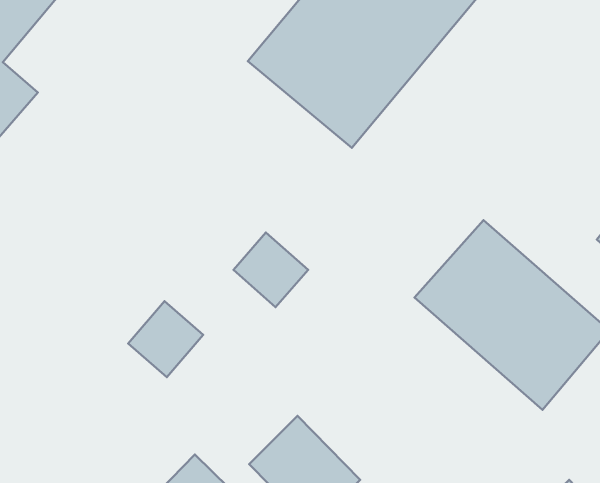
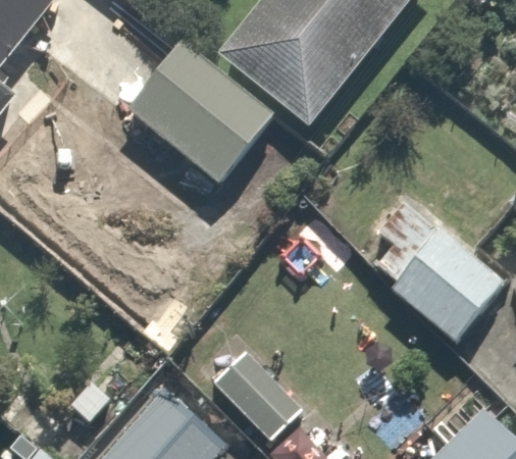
building: none -> [121,43,276,193]

